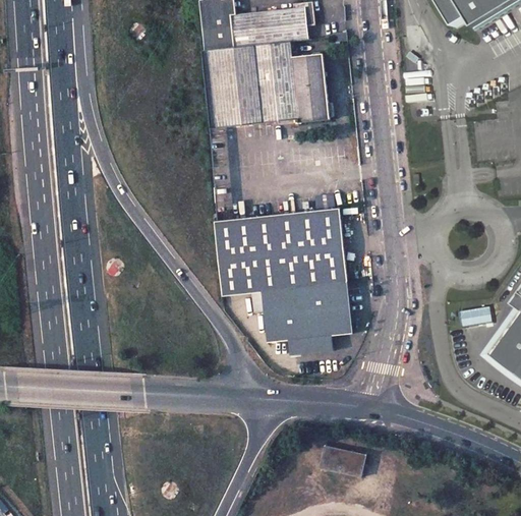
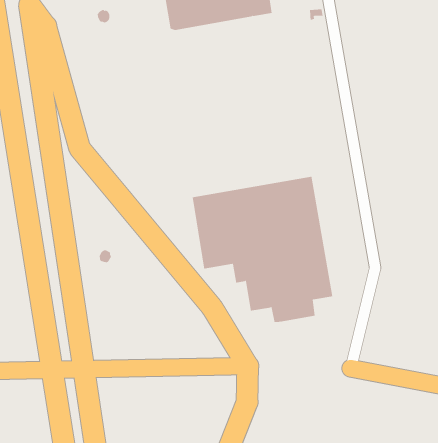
building: [209,41,329,125] -> none
building: [319,445,366,477] -> none

